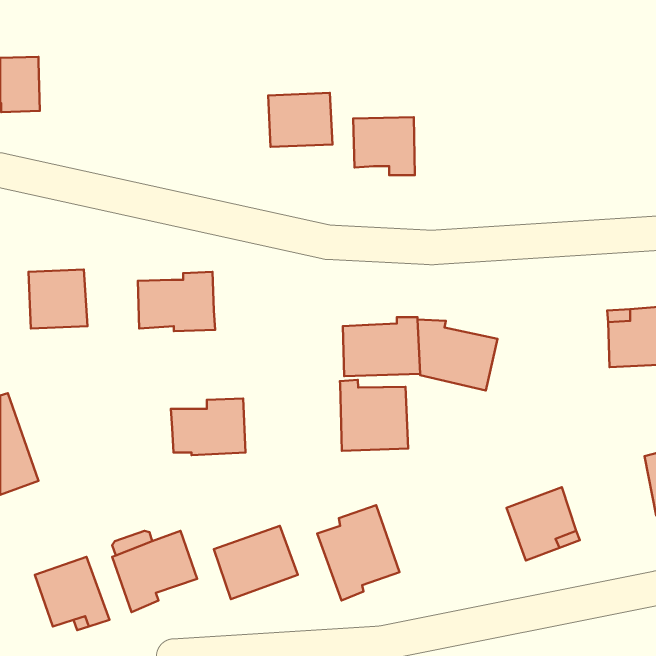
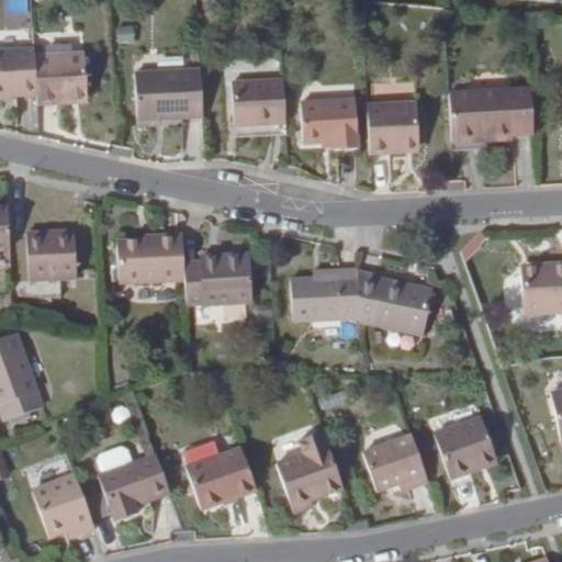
building: none -> [35,50,89,104]
building: none -> [136,68,202,119]
building: none -> [449,88,533,140]
building: none -> [367,100,417,151]
building: [340,380,408,451] -> none
building: [171,398,246,455] -> [184,256,248,304]
building: none -> [362,434,428,491]

